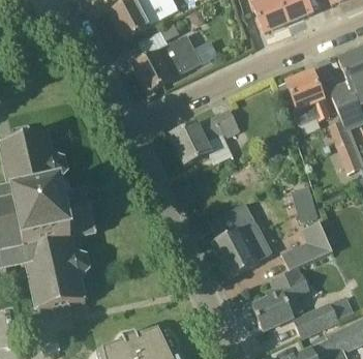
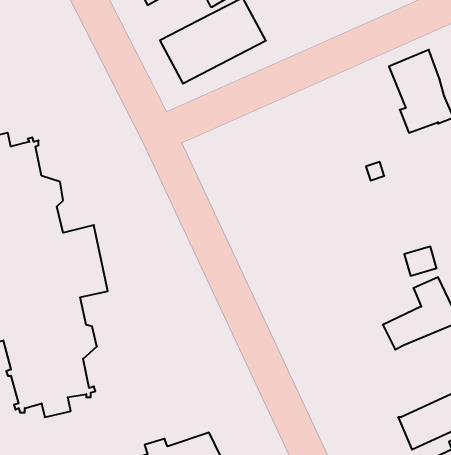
building: [171,110,239,163] -> none
building: [210,203,272,277] -> none
building: [250,268,309,330] -> none

